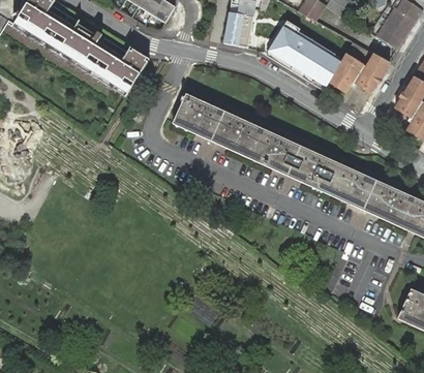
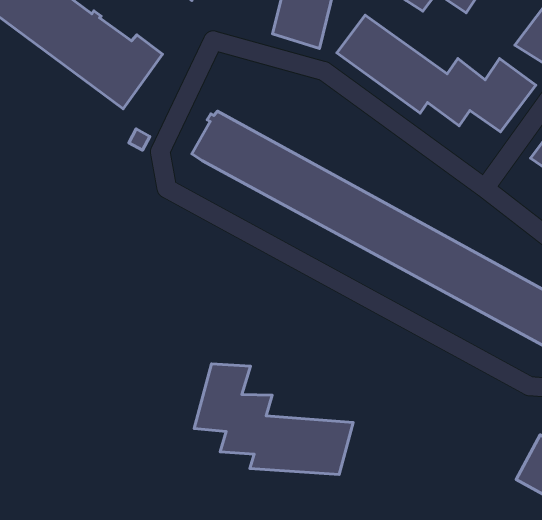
building: none -> [194,364,353,475]

